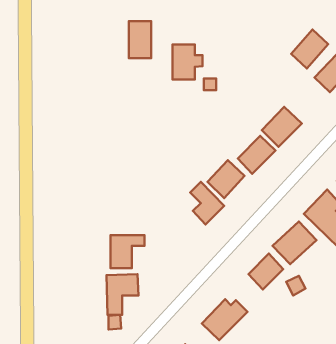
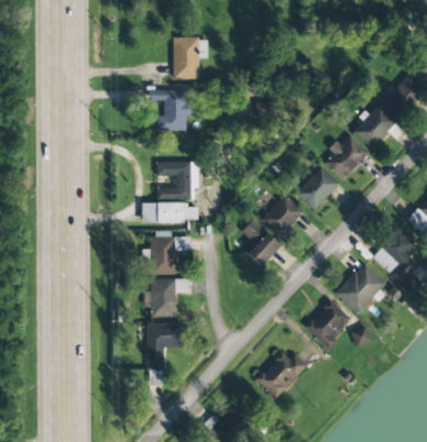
building: [291,30,328,69] -> [354,104,396,148]
building: [173,45,203,80] -> [161,90,195,130]
building: none -> [142,162,193,222]
building: none -> [151,236,190,274]

